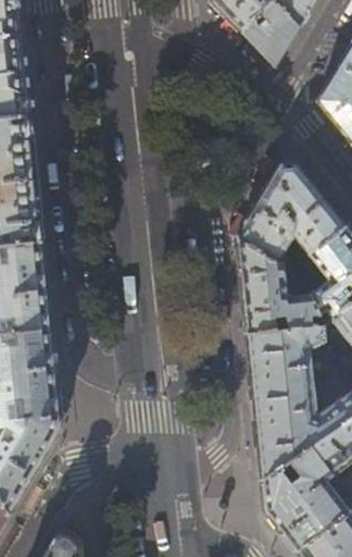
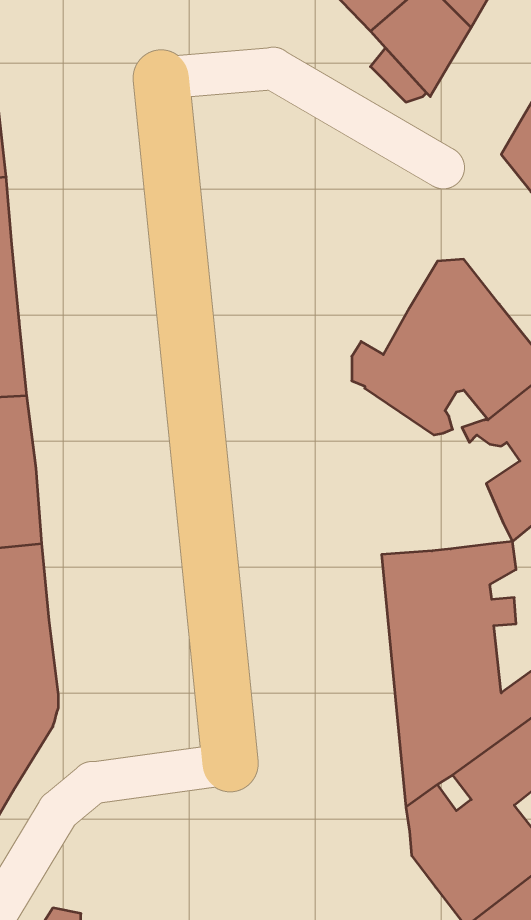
building: [237,237,317,334] -> none

